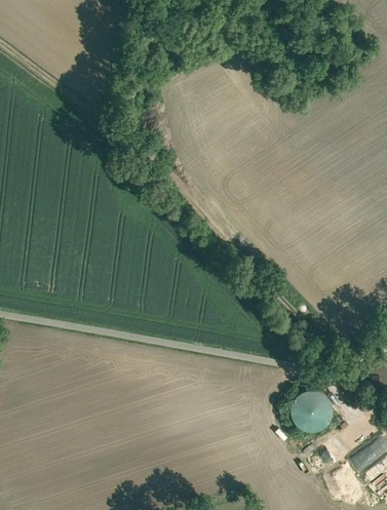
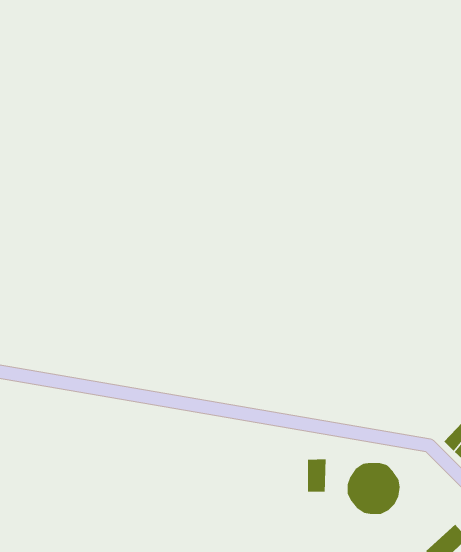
building: none -> [308,458,326,492]

